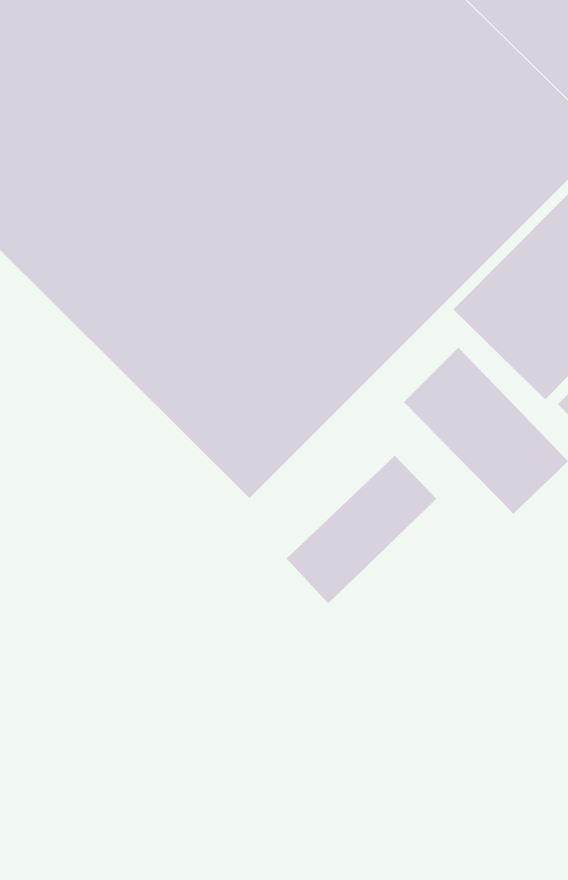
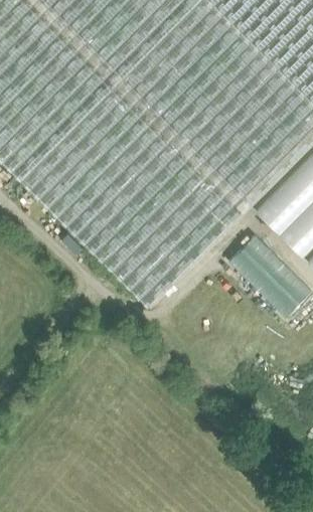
building: [286,455,437,604] -> none

